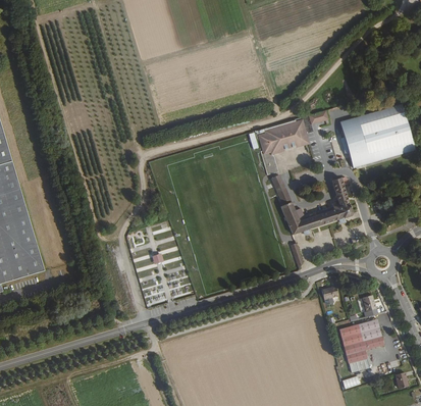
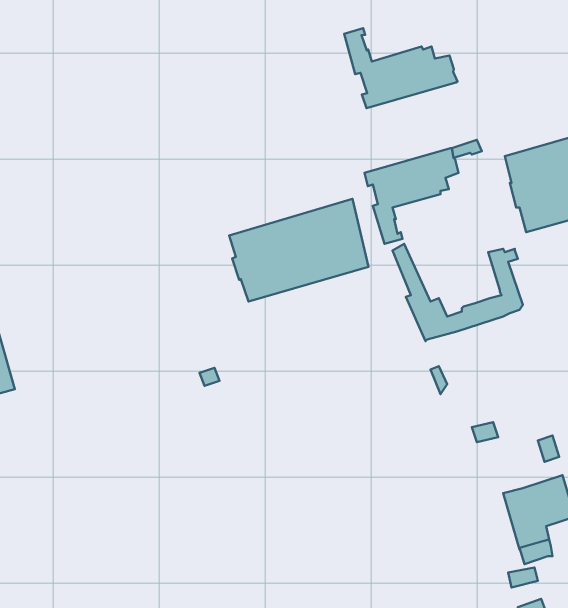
building: none -> [344,28,457,108]
building: none -> [229,199,369,302]

